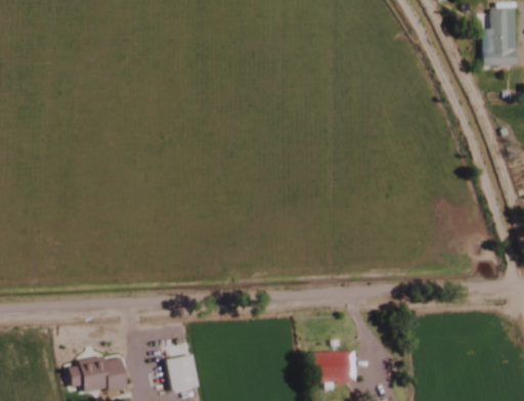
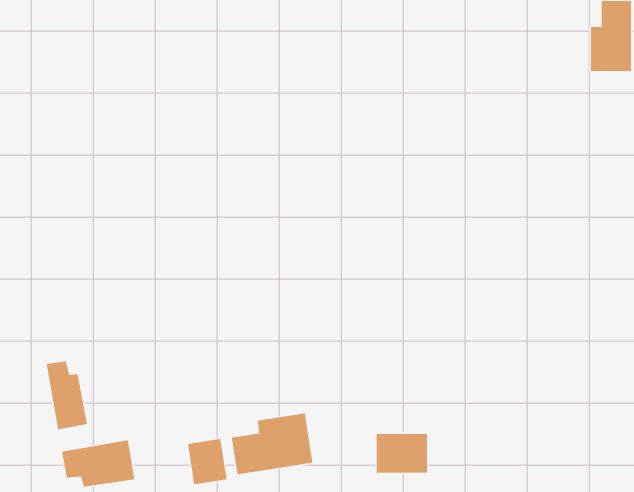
building: none -> [46,360,88,430]
building: none -> [231,413,313,475]

